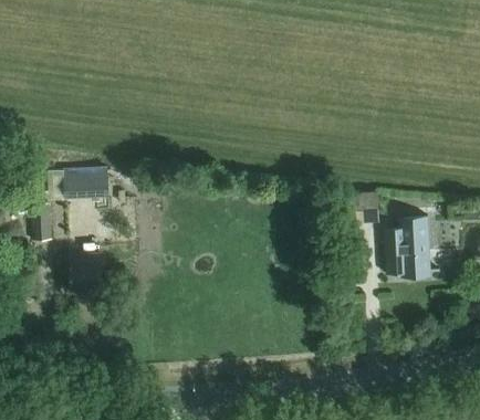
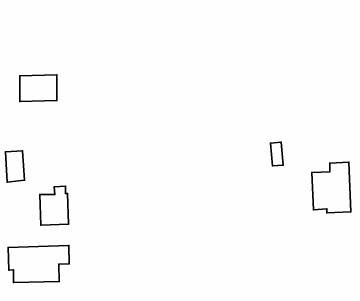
building: [66,167,109,198] -> [20,75,57,101]
building: none -> [8,245,69,283]

